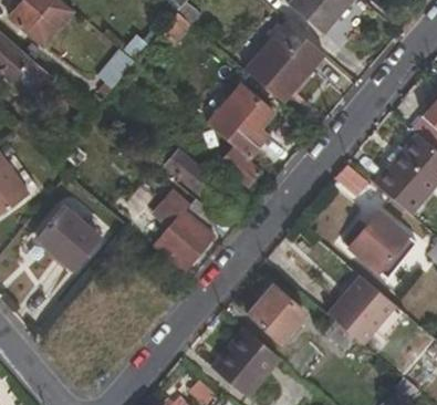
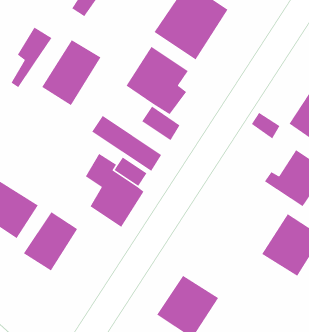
building: none -> [41,39,102,106]
building: none -> [23,211,78,272]
building: [246,282,305,342] -> none

